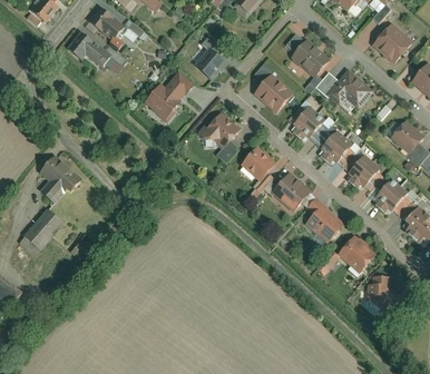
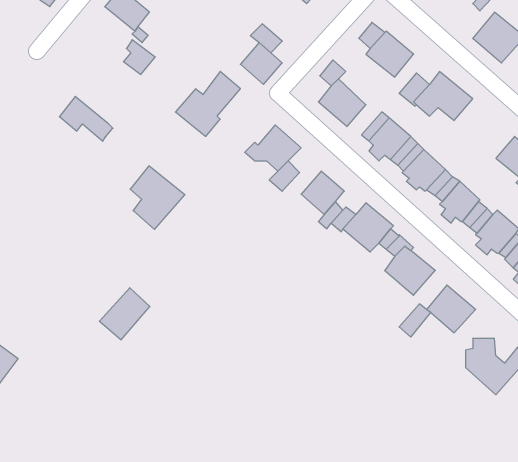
building: [68,31,109,66] -> [59,96,113,141]
building: [39,156,81,205] -> [130,166,185,229]
building: [23,209,62,249] -> [99,288,150,340]

